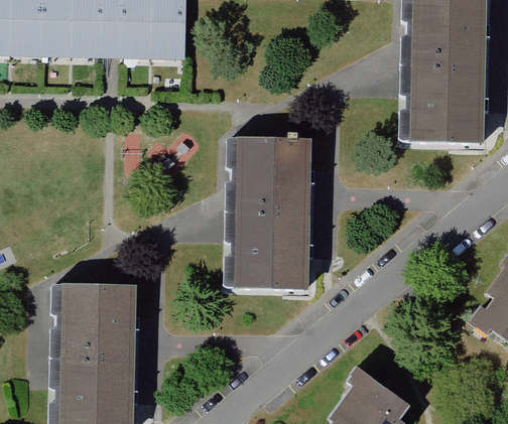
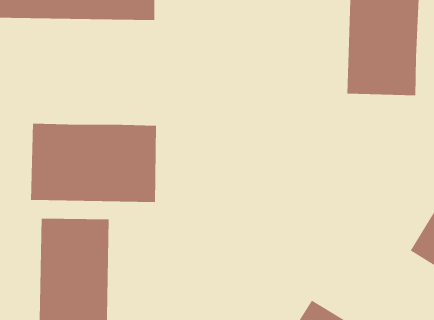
building: [230,136,311,291] -> none
building: none -> [30,123,157,203]

